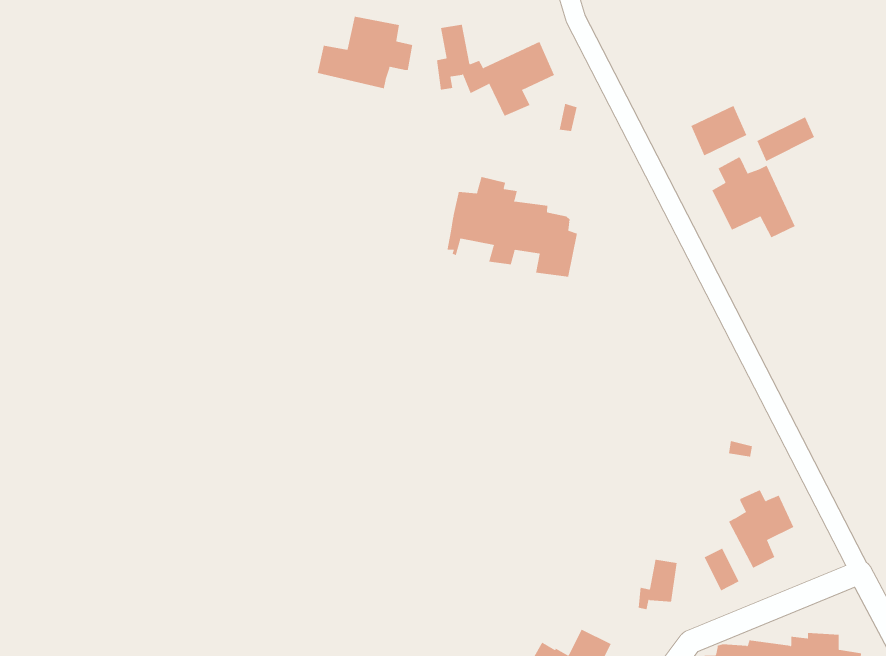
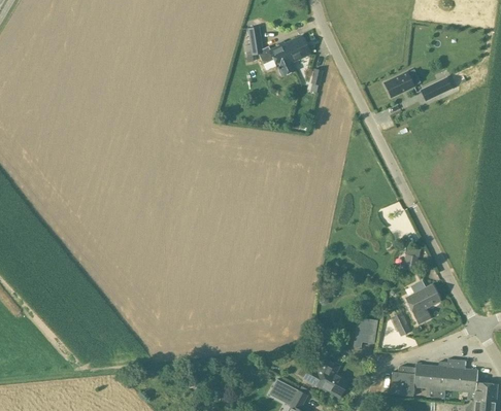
building: [317,16,413,89] -> none
building: [711,157,795,238] -> none
building: [447,176,577,277] -> none

